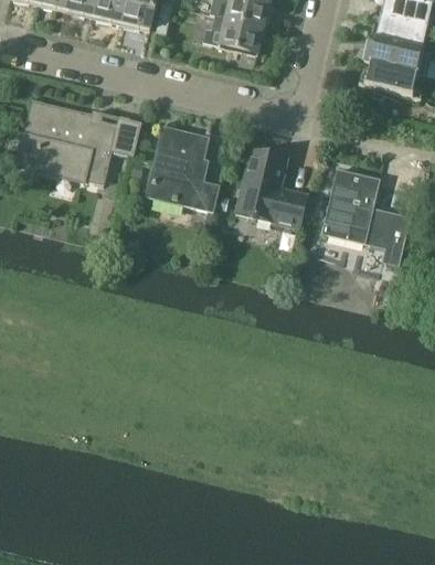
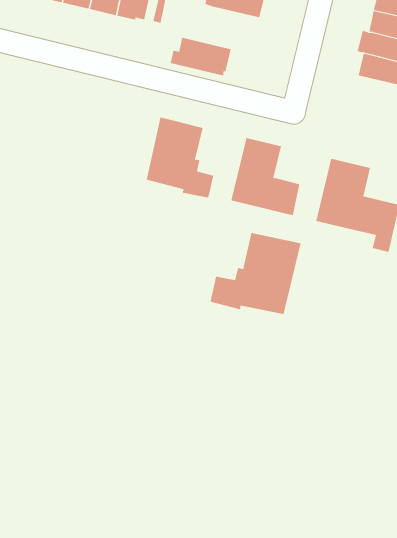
building: [202,13,265,53] -> [170,37,232,76]
building: [14,97,141,183] -> none
building: none -> [210,232,301,315]

